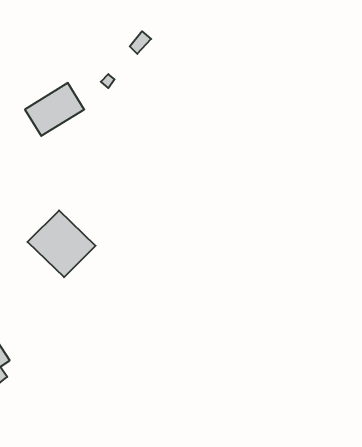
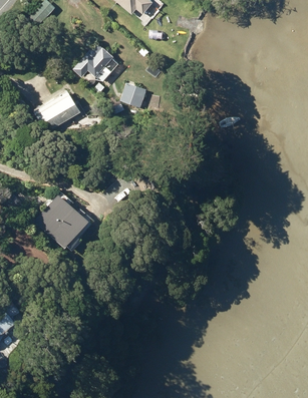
building: none -> [73,43,114,80]
building: none -> [120,83,145,109]

